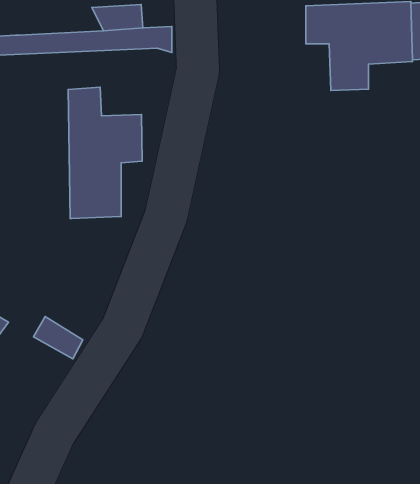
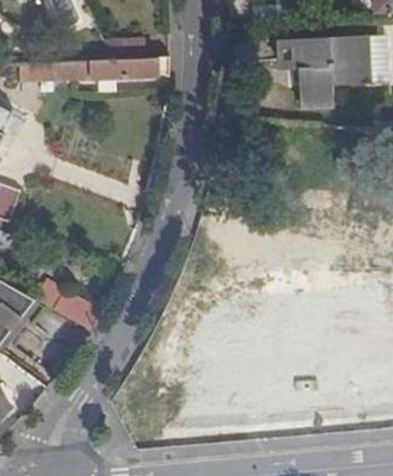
building: [68,87,142,219] -> none

